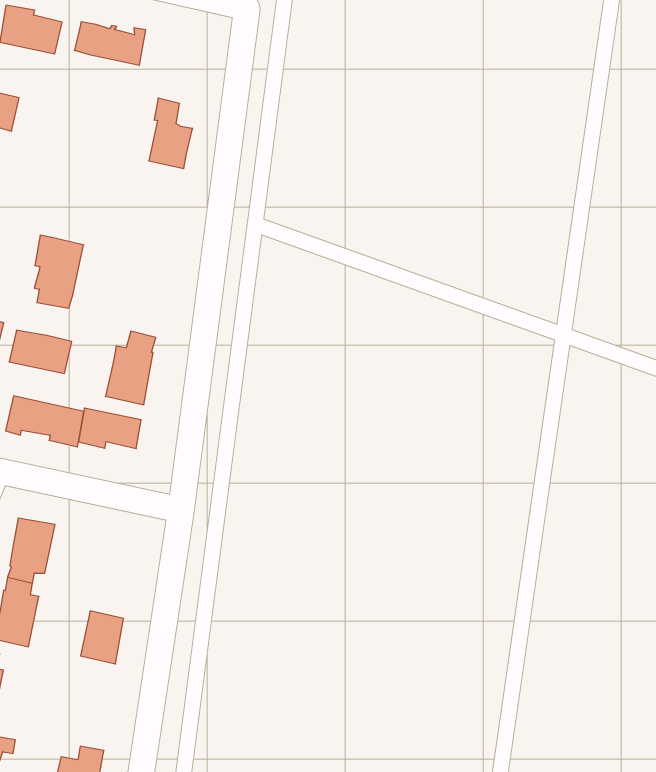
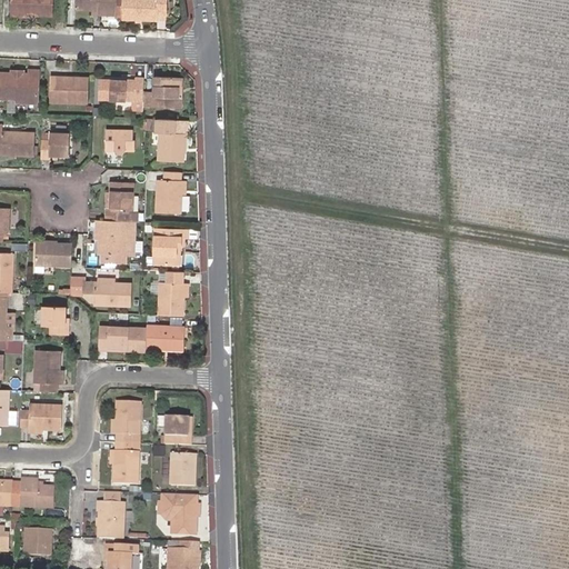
building: none -> [142,79,181,107]
building: none -> [106,130,134,154]
building: none -> [156,171,182,214]
building: none -> [106,181,133,221]
building: none -> [154,229,188,267]
building: none -> [166,417,192,446]
building: none -> [161,495,196,535]

